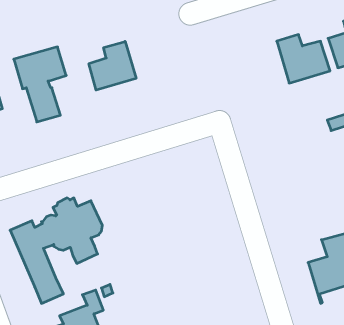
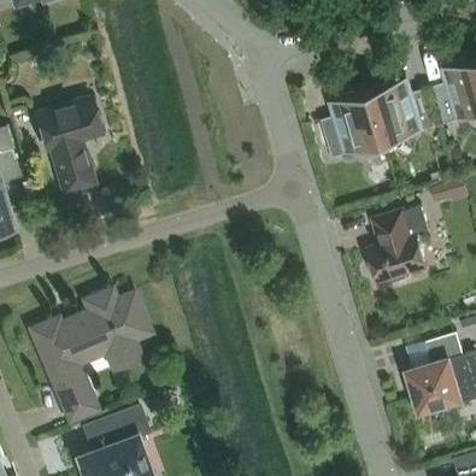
building: none -> [319,89,382,157]
building: [89,41,136,90] -> none
building: none -> [365,205,428,283]

